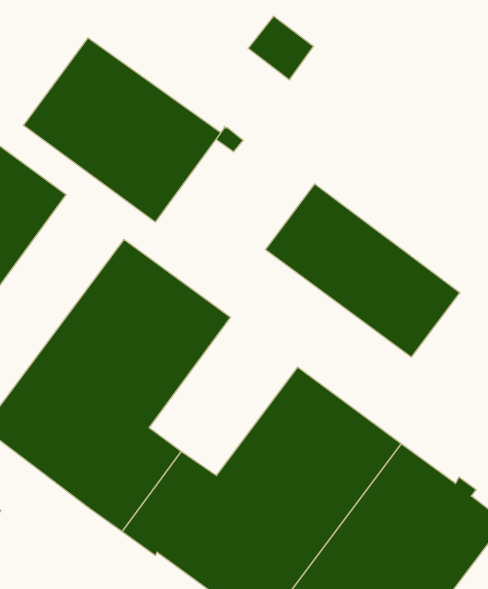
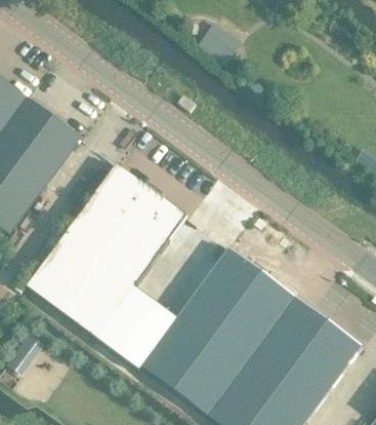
building: [23,38,221,222] -> none
building: [266,184,460,357] -> none

